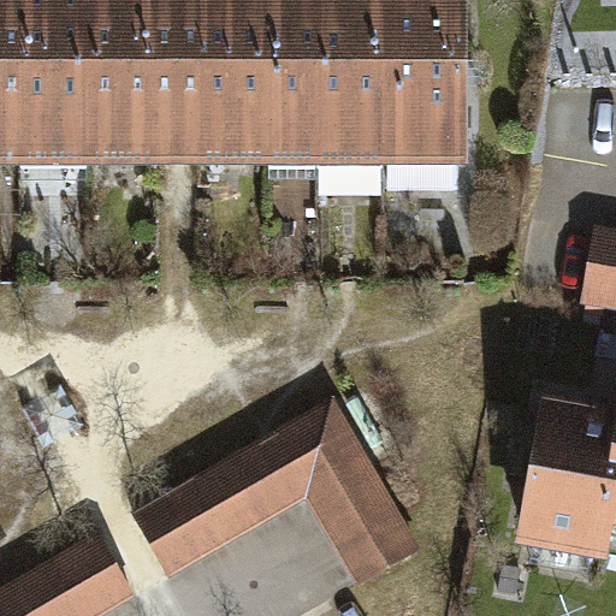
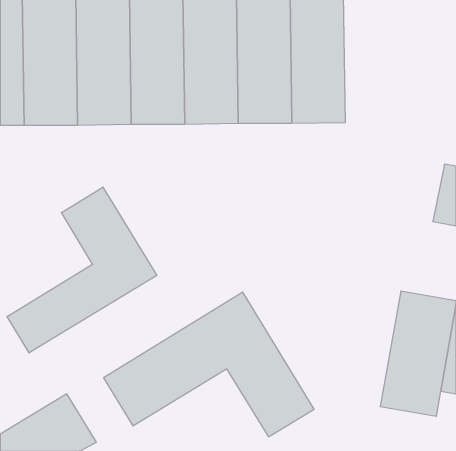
building: none -> [7,187,157,353]

